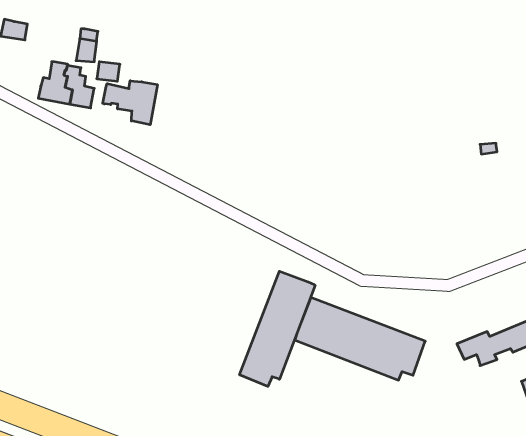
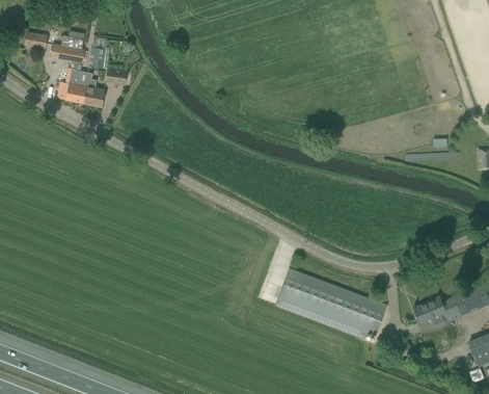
building: none -> [50,34,85,61]
building: [103,81,157,125] -> none
building: [240,271,315,386] -> none

